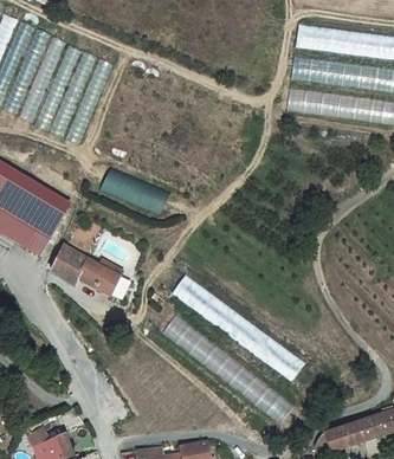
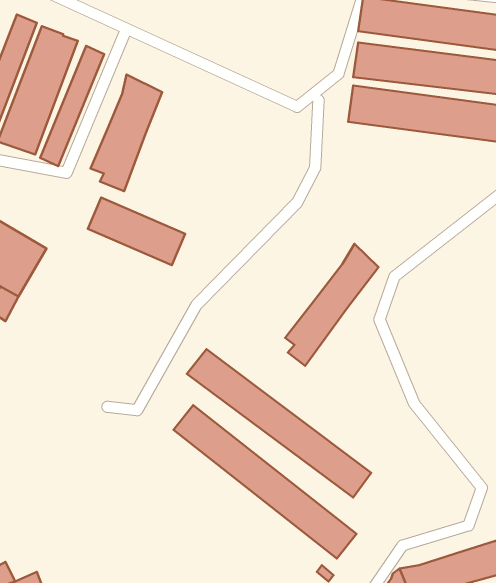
building: none -> [91,74,162,191]
building: none -> [285,244,378,366]
building: [51,246,131,299] -> none

